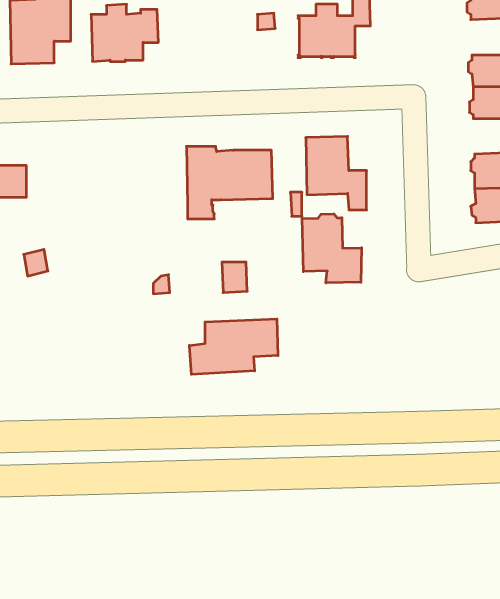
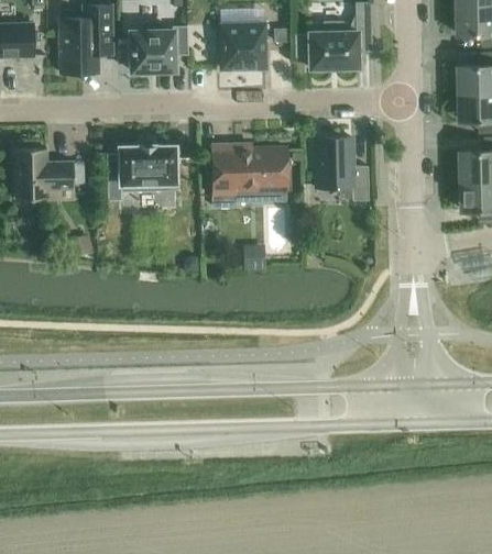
building: none -> [219,24,265,73]
building: none -> [108,146,175,190]
building: [302,214,362,283] -> none
building: [189,319,278,374] -> none

